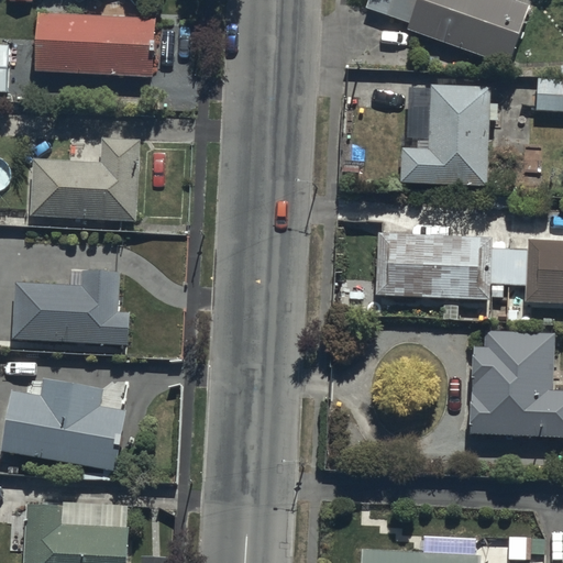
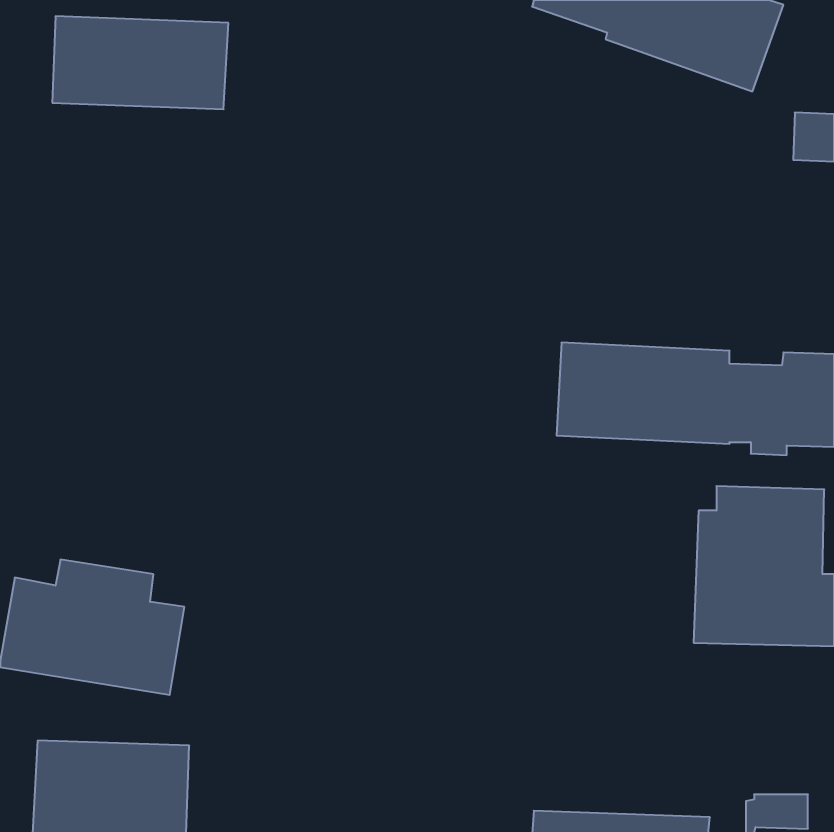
building: [398,84,497,186] -> none
building: [32,136,139,221] -> none
building: [14,272,131,344] -> none

